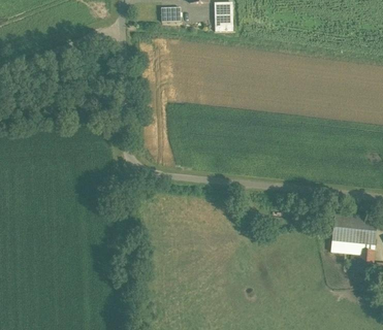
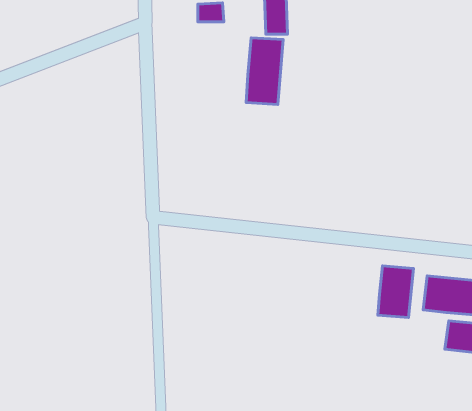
building: none -> [246,38,283,104]
building: none -> [378,266,414,318]

